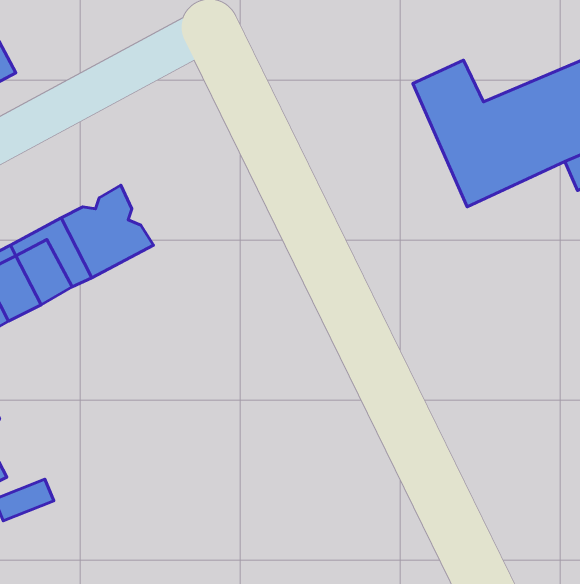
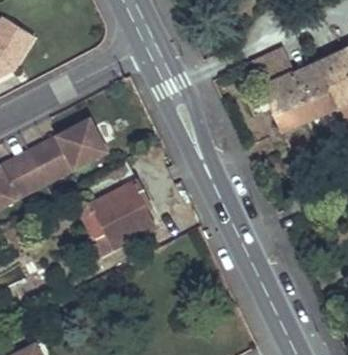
building: none -> [81,162,149,249]

